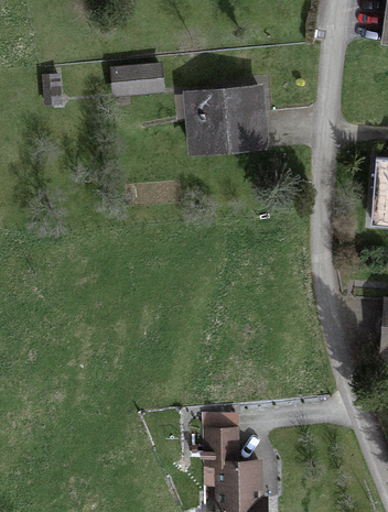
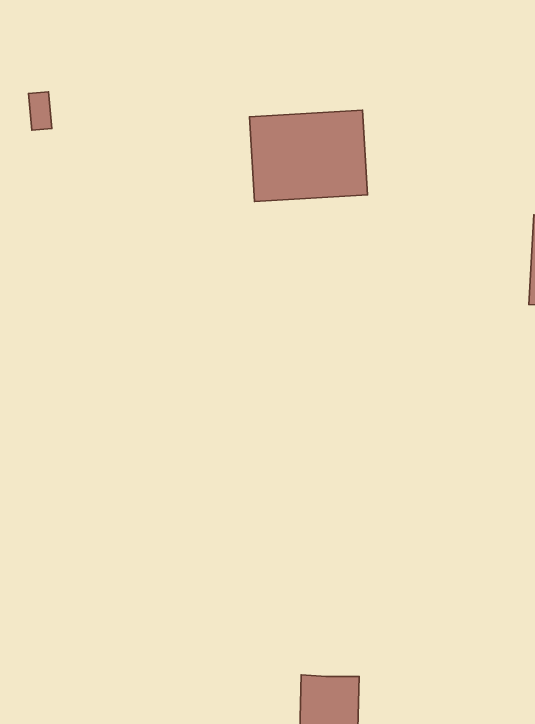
building: [110,68,164,96] -> none
building: [205,433,237,466] -> none

